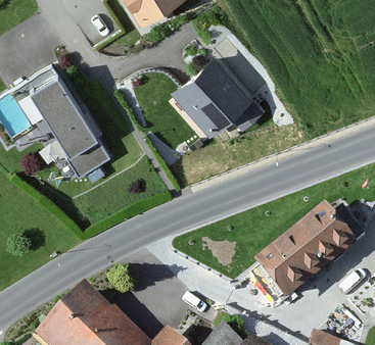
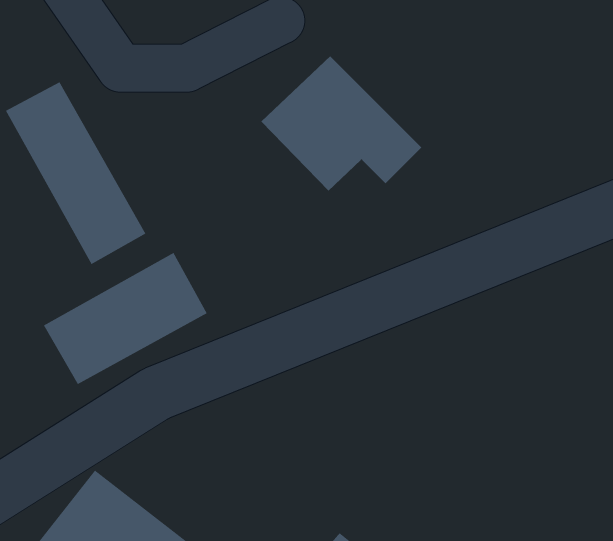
building: none -> [43,252,208,385]
building: [255,210,357,305] -> none

